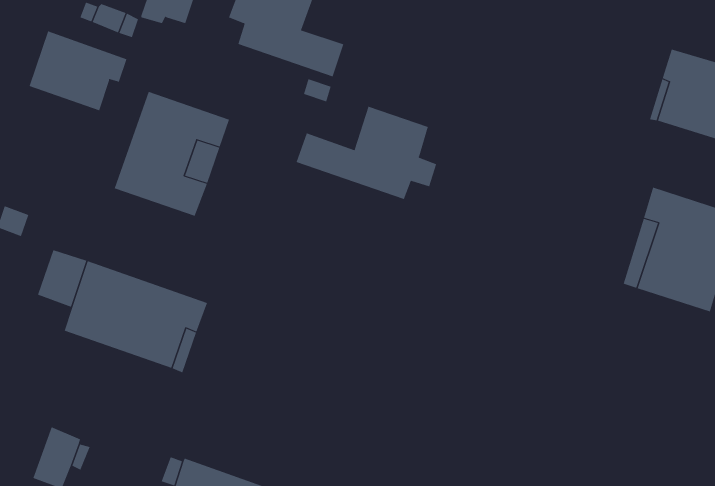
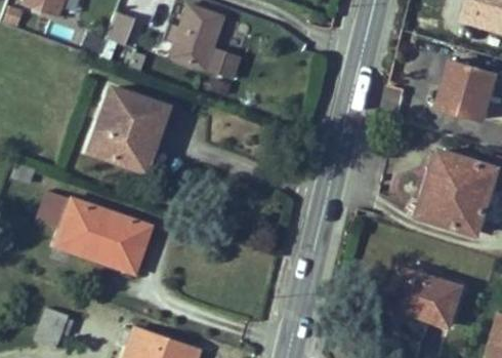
building: [29,31,127,111] -> none
building: [296,106,437,200] -> none
building: none -> [388,267,462,325]

